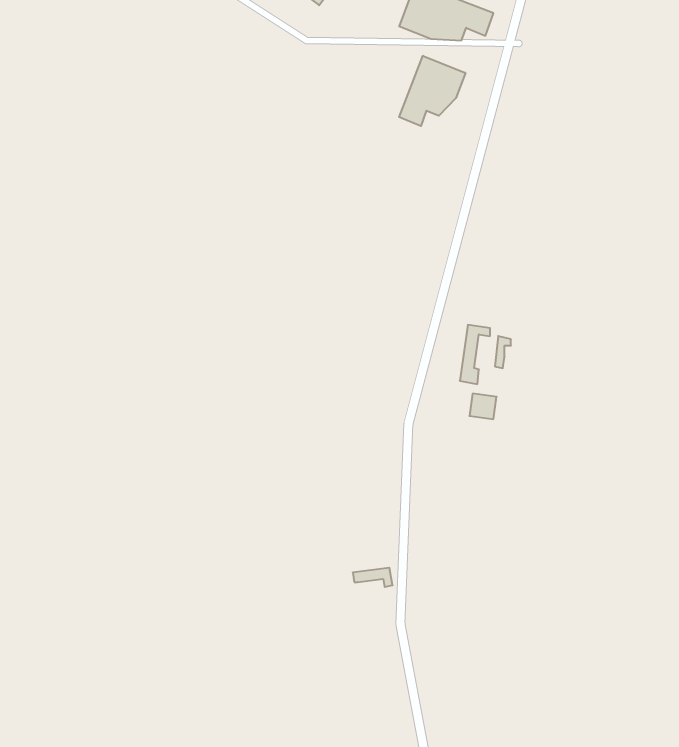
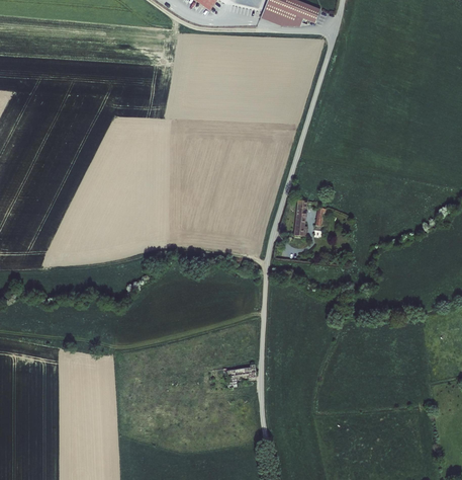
building: [399,56,465,126] -> none

